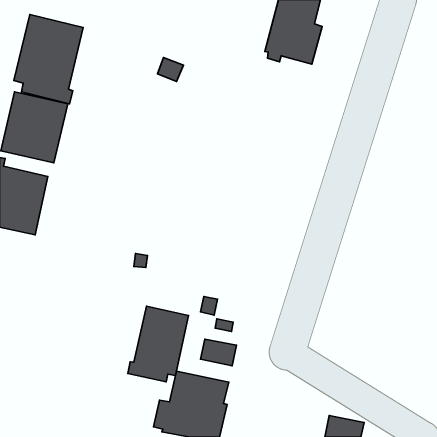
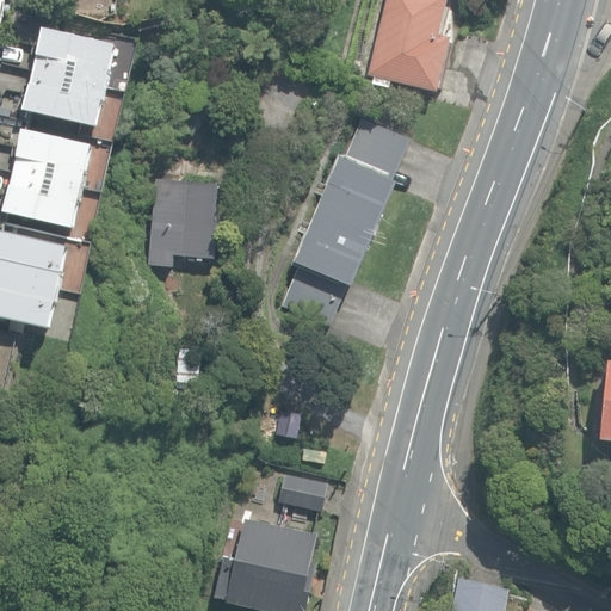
building: none -> [282,117,411,325]
building: none -> [147,178,218,266]
building: [128,306,188,382] -> none

